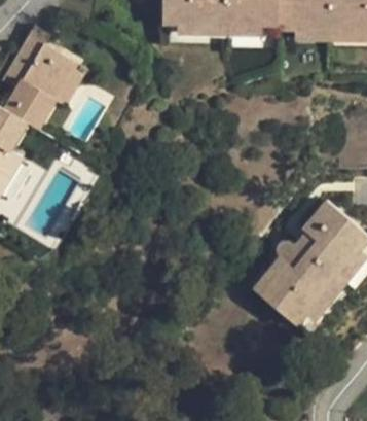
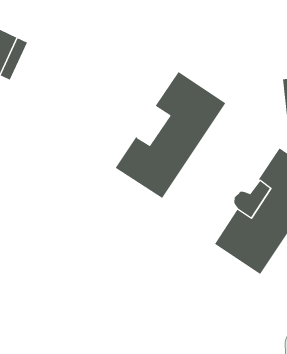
building: none -> [115,71,226,199]

